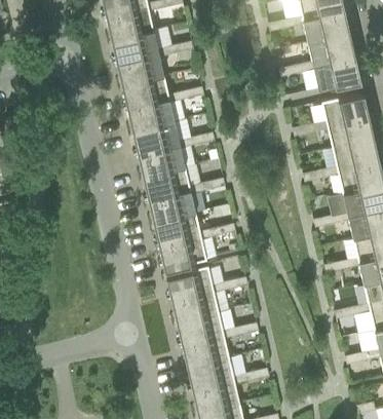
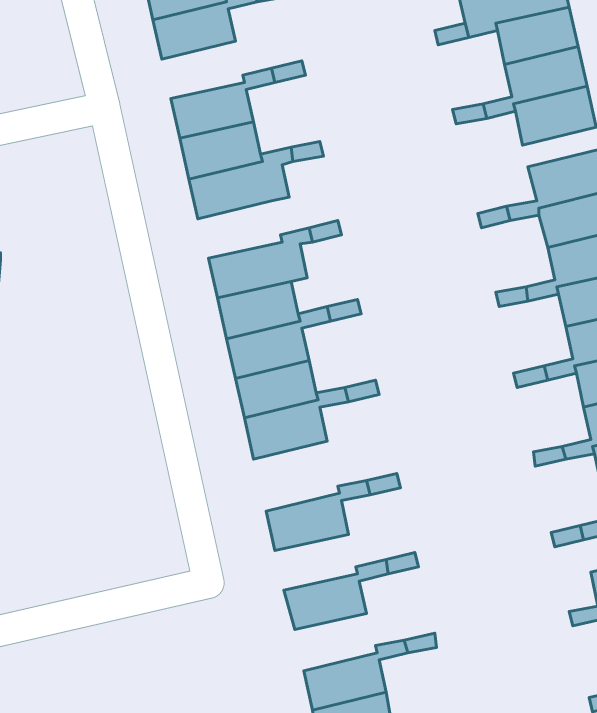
building: [112,32,159,65] -> none
building: [132,123,181,156] -> none
building: [166,267,214,301] -> none
building: [177,314,224,346] -> none
building: [188,359,235,392] -> none

